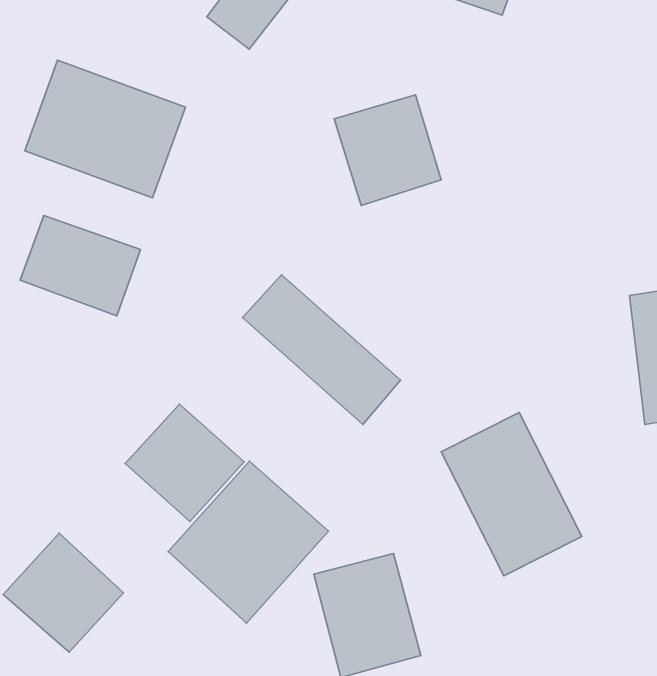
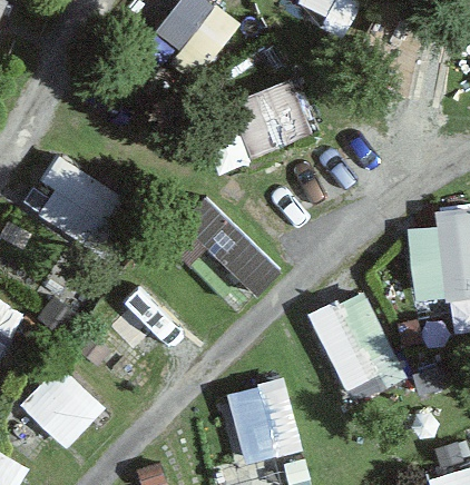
building: [25,60,185,198] -> none
building: [168,461,329,623] -> none

